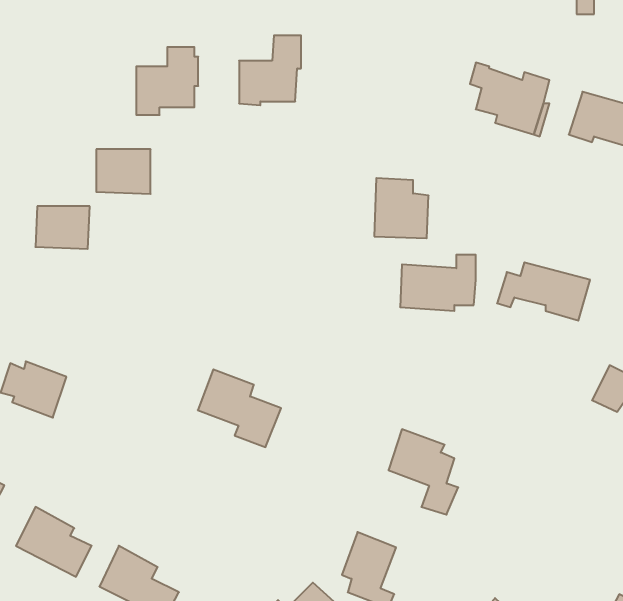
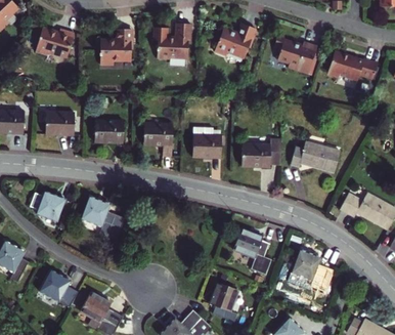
building: none -> [213,20,253,55]
building: none -> [37,26,75,55]
building: [96,149,151,194] -> [95,120,124,143]
building: [374,178,429,238] -> [192,126,221,158]
building: none -> [144,123,173,157]
building: [198,369,281,447] -> [81,198,125,239]
building: none -> [292,256,334,299]

